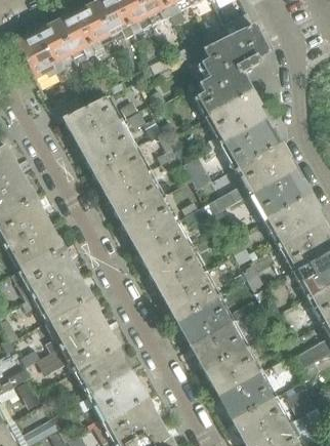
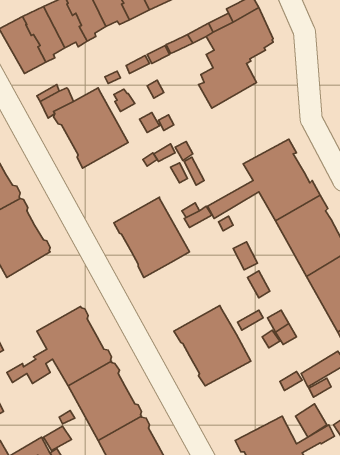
building: [210,91,281,166] -> none
building: [91,147,162,220] -> none
building: [22,247,90,320] -> none
building: [148,247,236,320] -> none
building: [204,348,275,420] -> none

